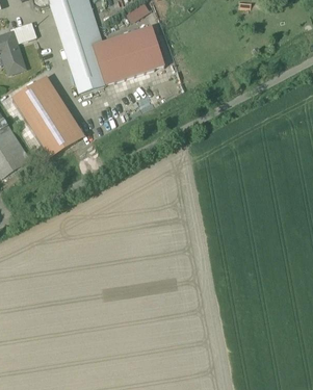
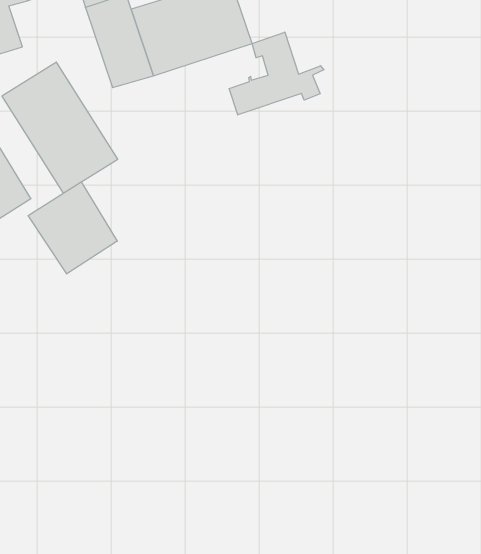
building: none -> [229,32,324,115]
building: none -> [28,182,117,274]

